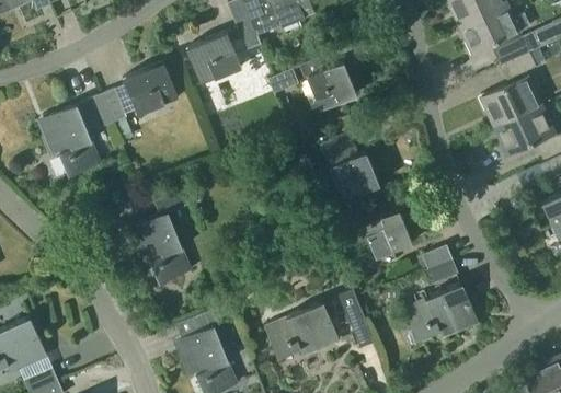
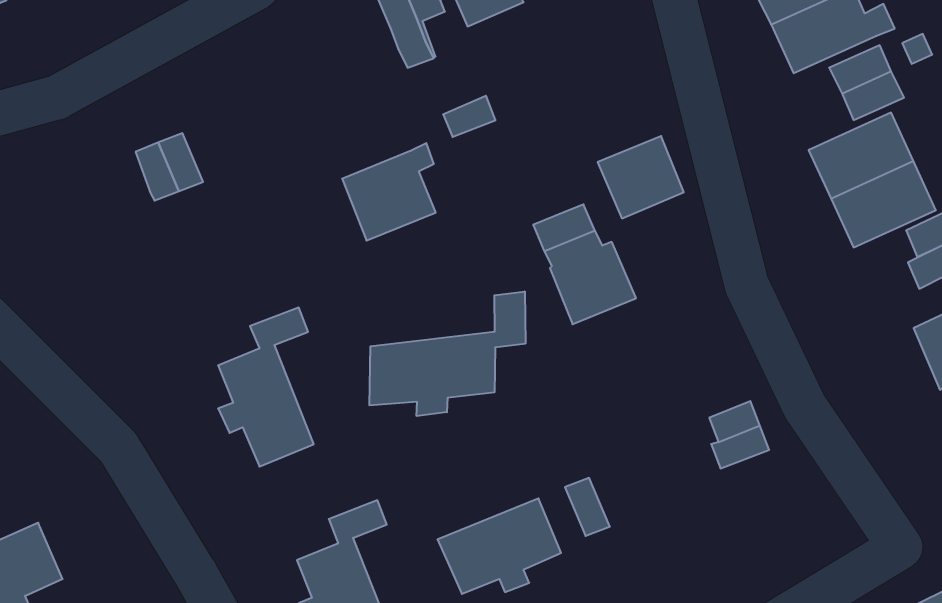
building: [187,27,242,84] -> [342,143,436,241]
building: [124,62,179,115] -> none
building: [307,62,357,111] -> [598,136,684,218]
building: [45,104,101,176] -> none
building: none -> [369,291,525,416]
building: [363,210,413,258] -> none
building: [403,284,476,339] -> none

